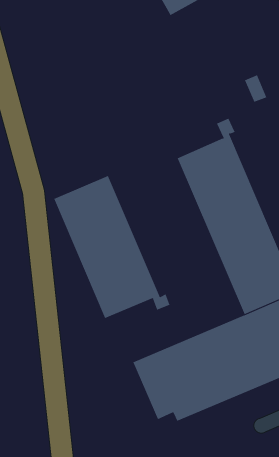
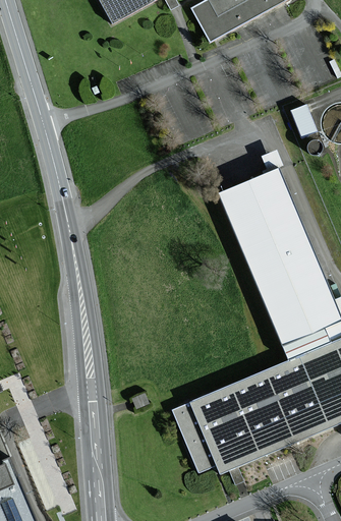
building: [53,175,170,319] -> none

